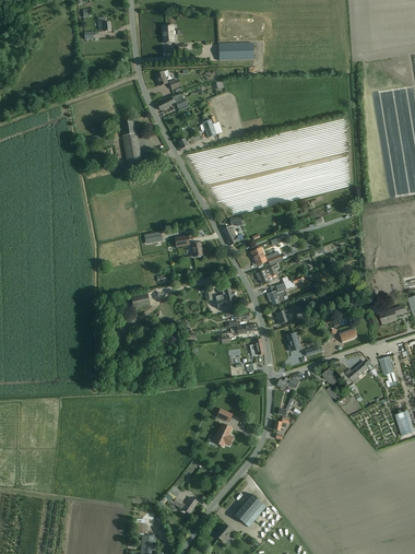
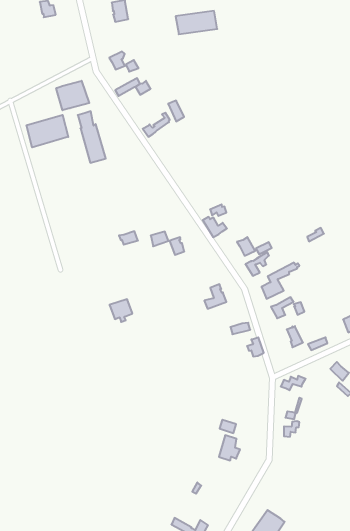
building: none -> [56,81,89,110]
building: none -> [26,115,68,147]

